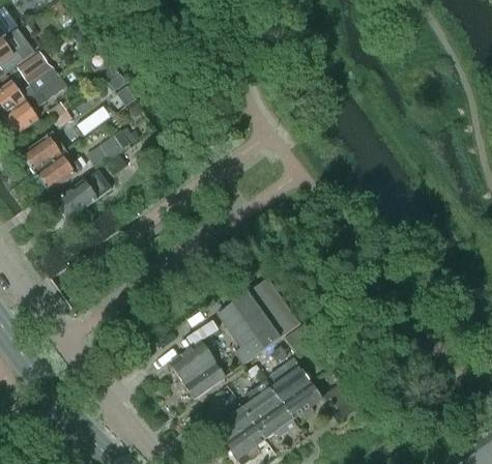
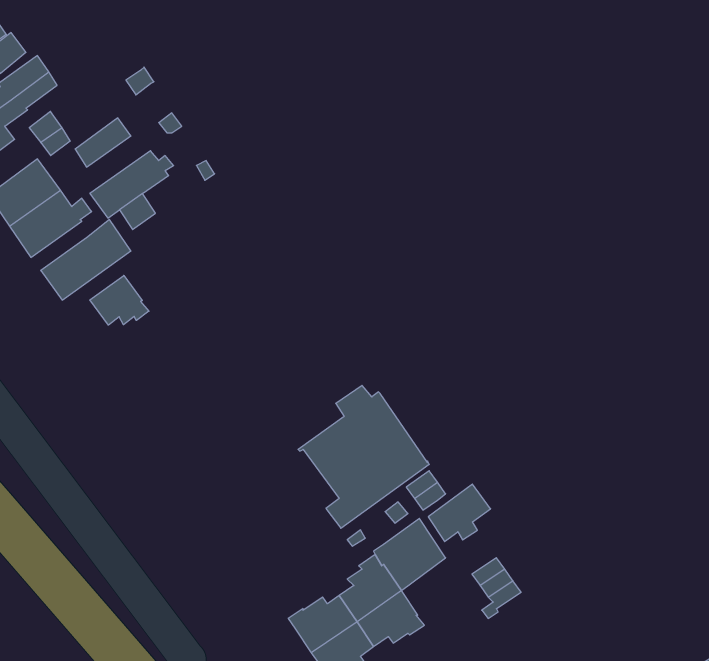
building: none -> [90,275,149,325]
building: [170,342,226,399] -> none
building: [283,383,322,419] -> [428,484,491,542]

